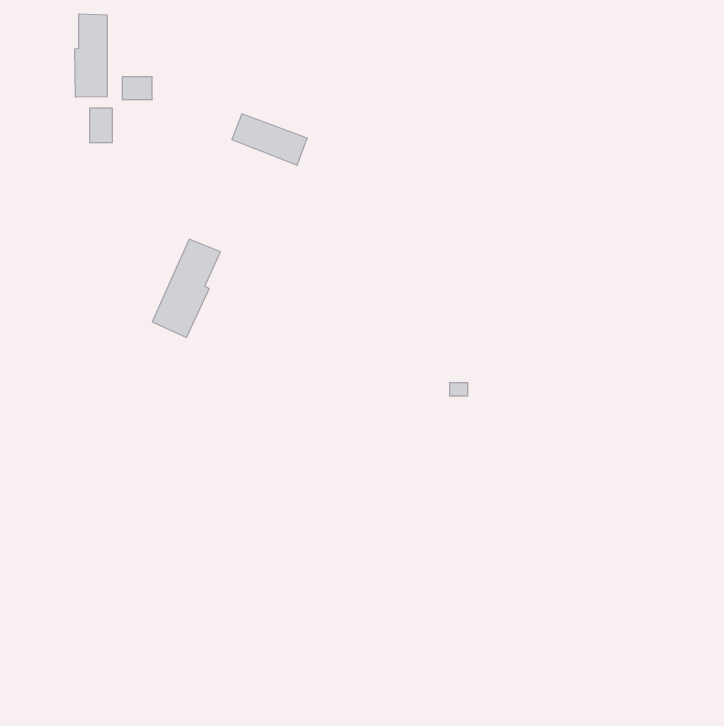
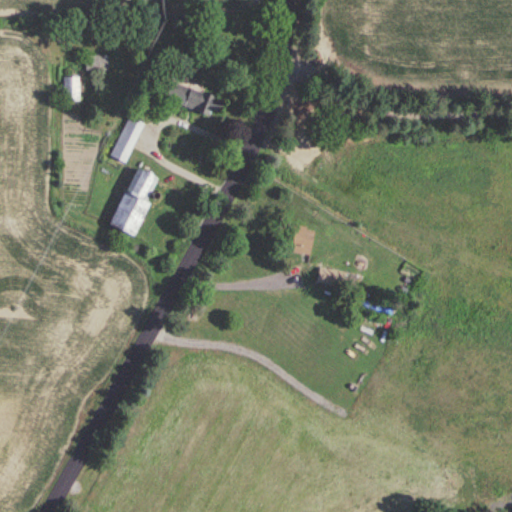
building: [75,14,107,97] -> none
building: none -> [111,116,144,163]

